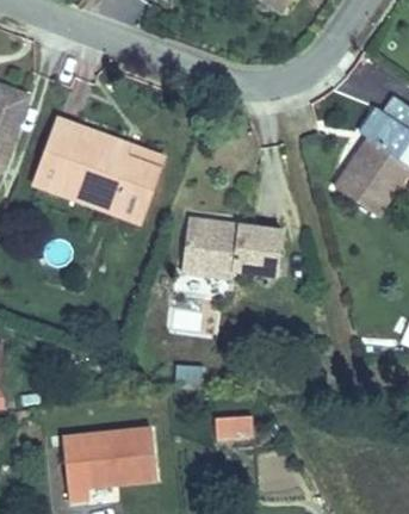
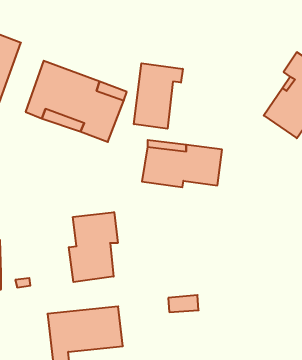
building: none -> [134,63,183,129]
building: none -> [69,212,118,282]

